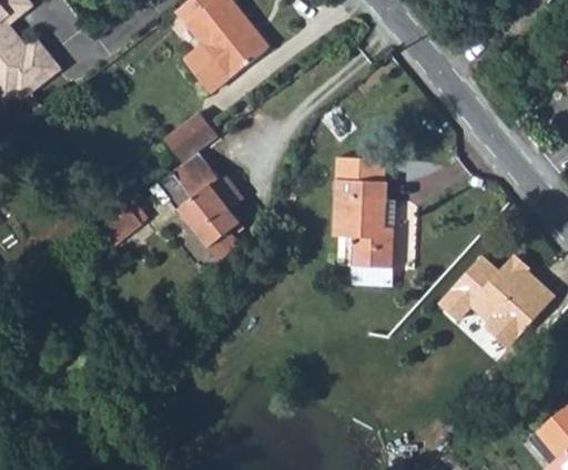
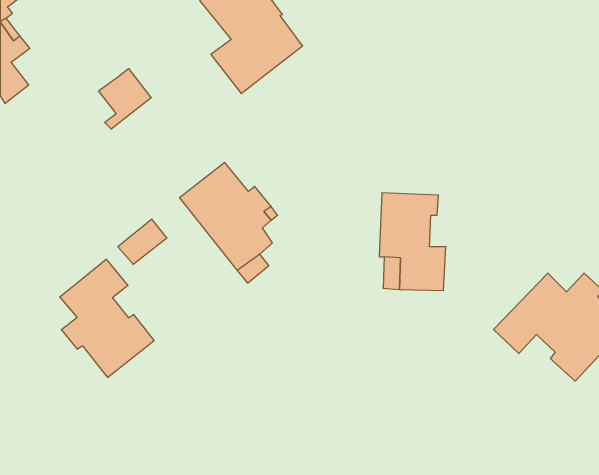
building: [10,44,57,98] -> [99,69,151,129]
building: [165,112,219,164] -> none
building: none -> [60,259,154,378]

